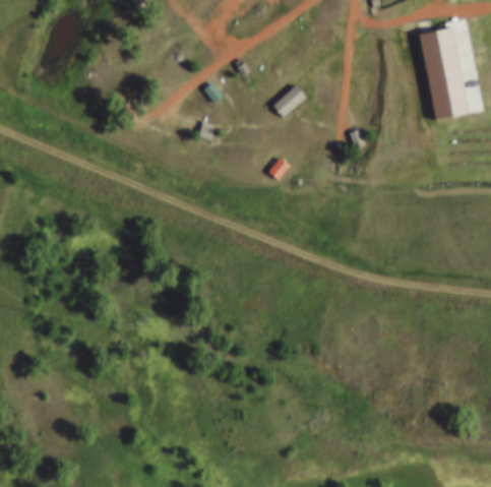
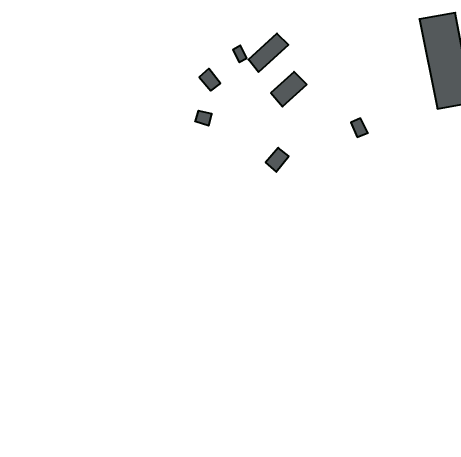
building: none -> [248,33,288,72]

